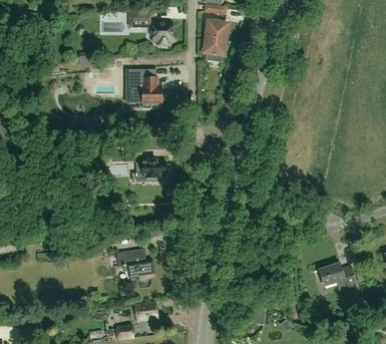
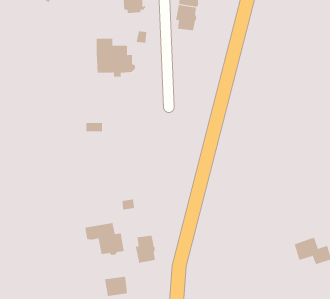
building: [135,158,169,182] -> none
building: none -> [135,235,156,263]

